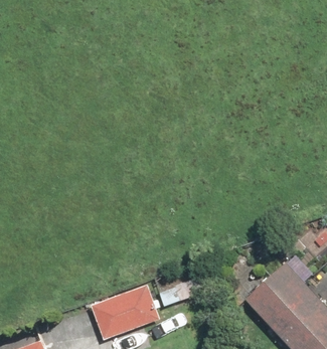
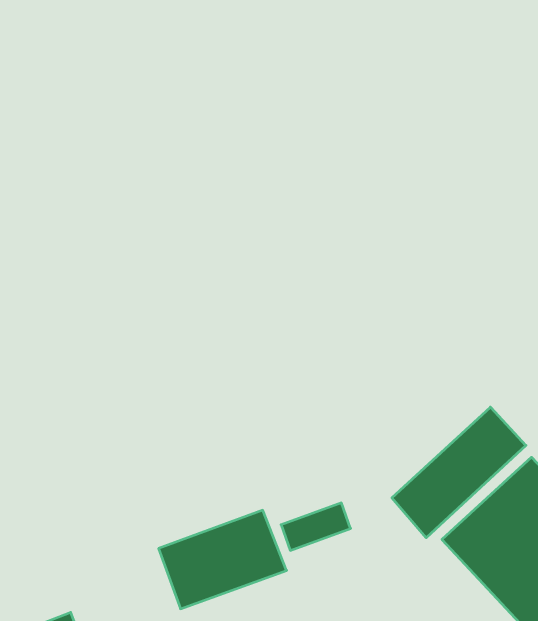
building: none -> [392,407,526,538]

